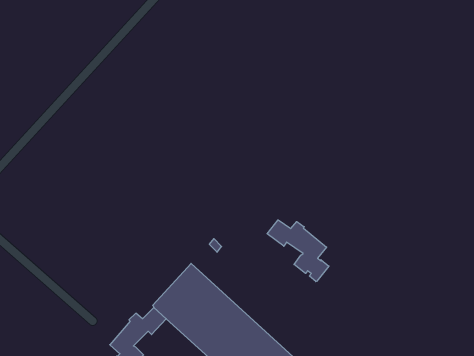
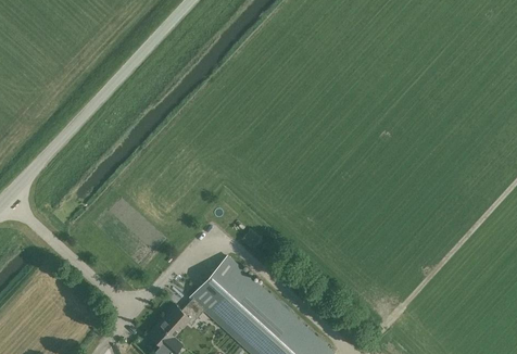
building: [267,220,329,282] -> none

